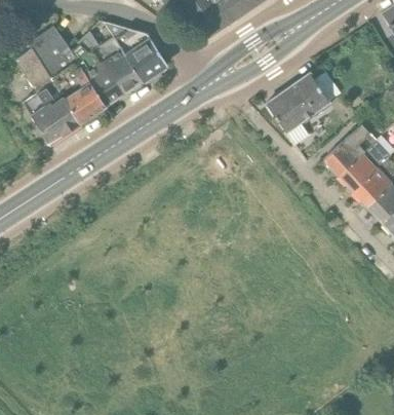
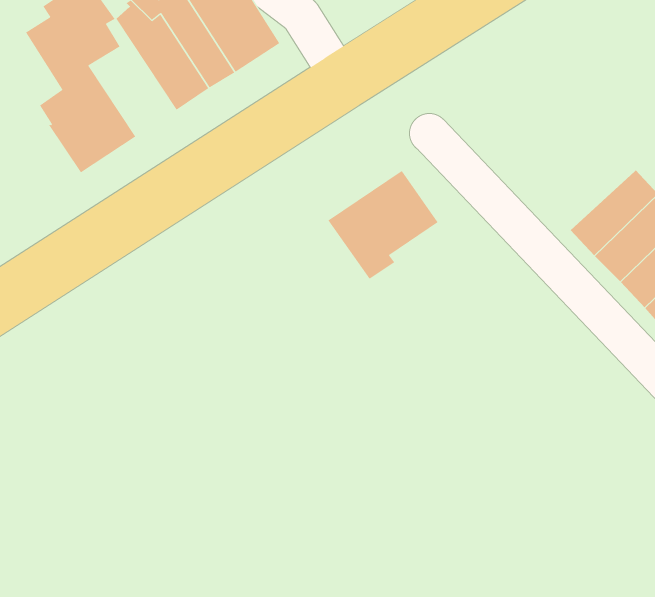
building: [54,50,106,120] -> none
building: [266,74,331,139] -> [327,170,438,279]
building: [323,123,377,176] -> none

